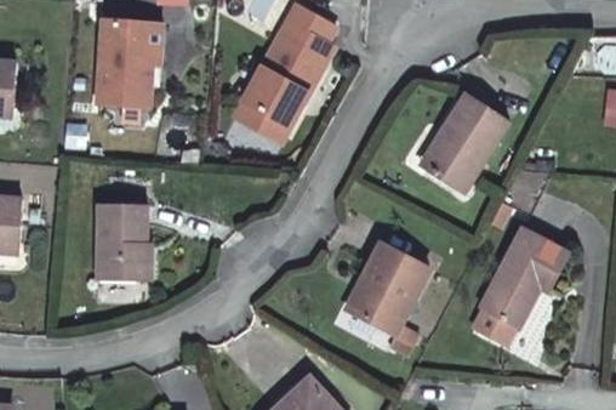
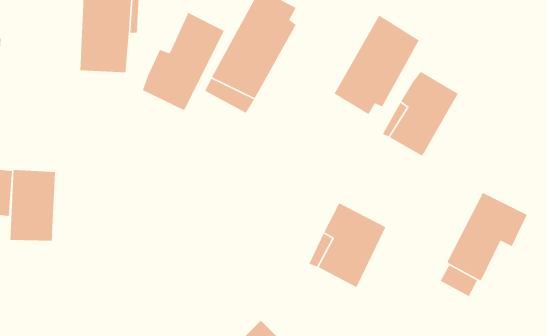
building: none -> [142,12,225,111]
building: none -> [333,14,420,115]
building: [95,205,144,283] -> [9,169,56,242]

